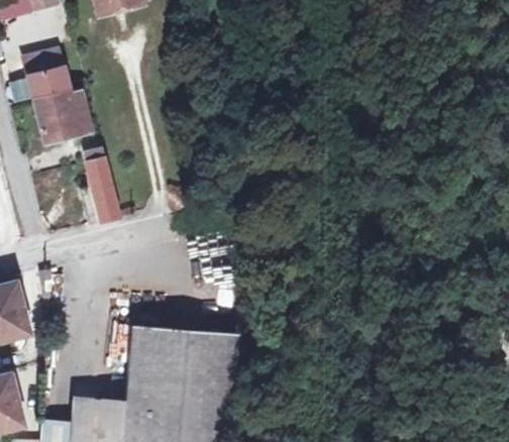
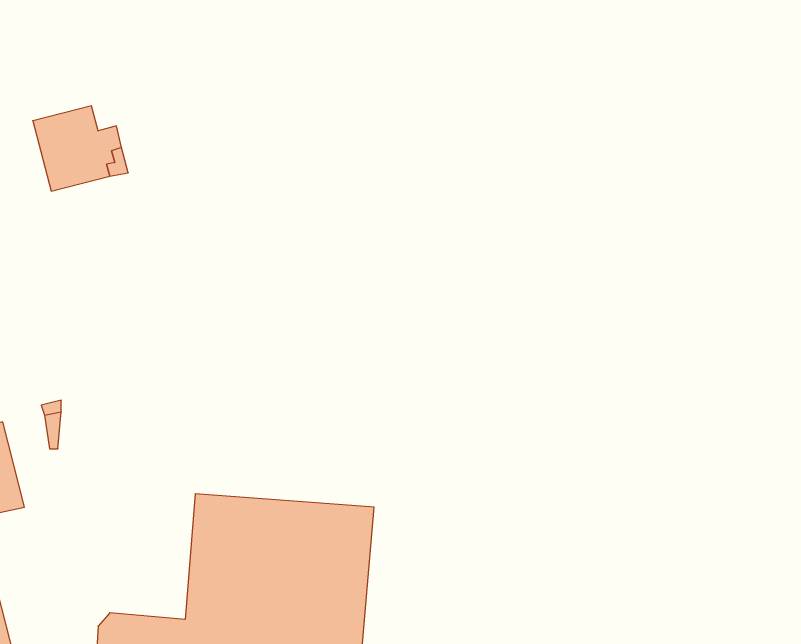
building: [23,50,69,100] -> none
building: [81,147,118,224] -> none

